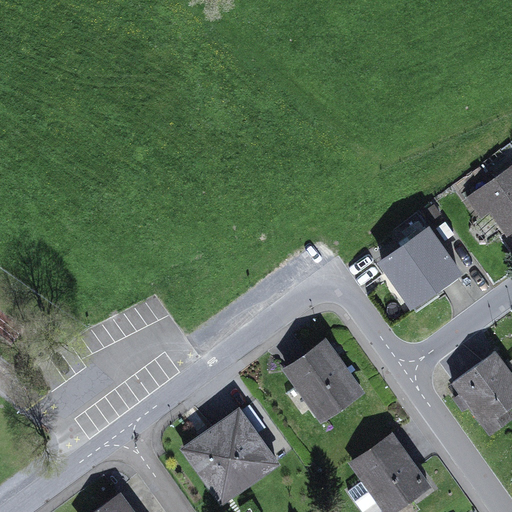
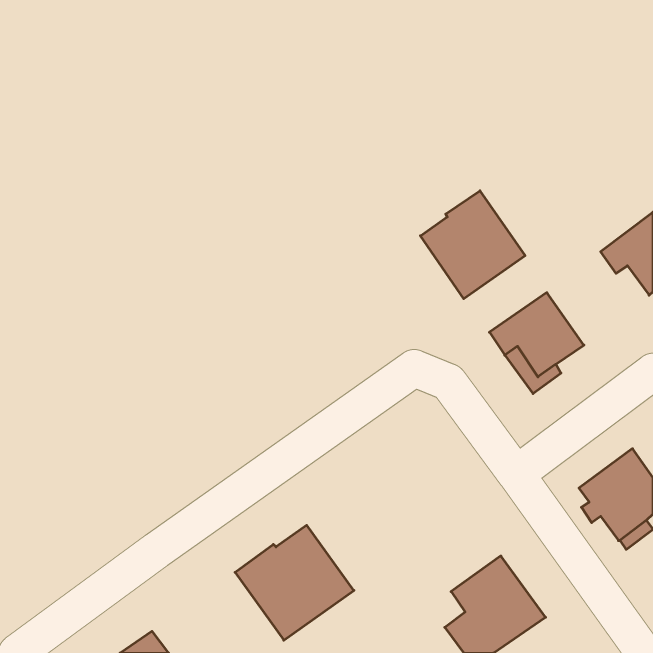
building: none -> [420,191,525,299]
building: [286,341,360,417] -> none

